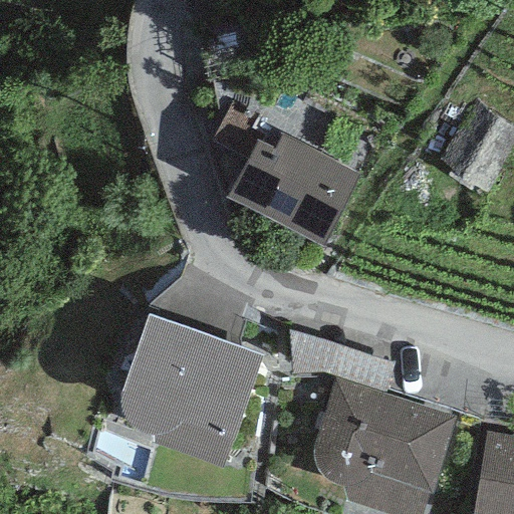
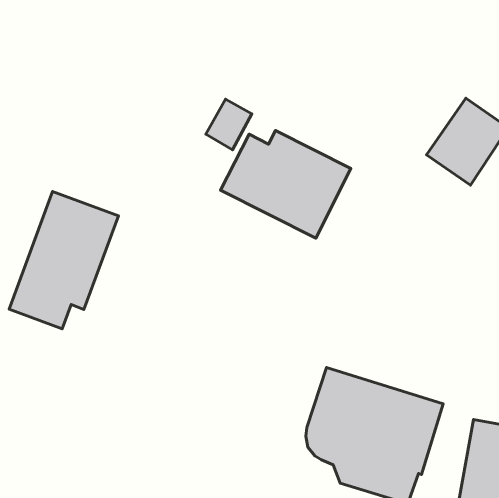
building: none -> [9,191,118,329]
building: [120,310,264,464] -> none

